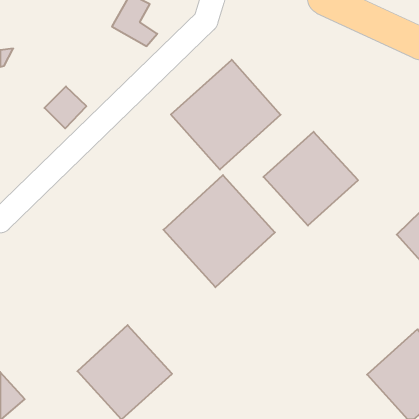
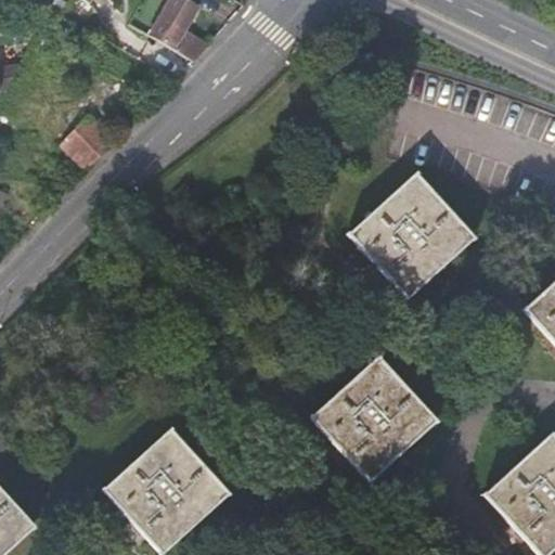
building: [171,60,281,170] -> none
building: [163,175,275,287] -> none
building: none -> [311,356,436,481]

